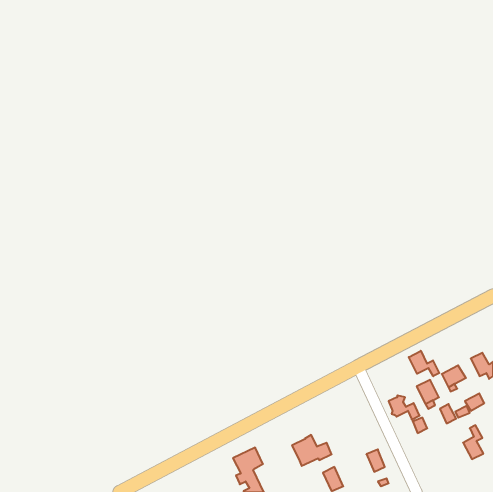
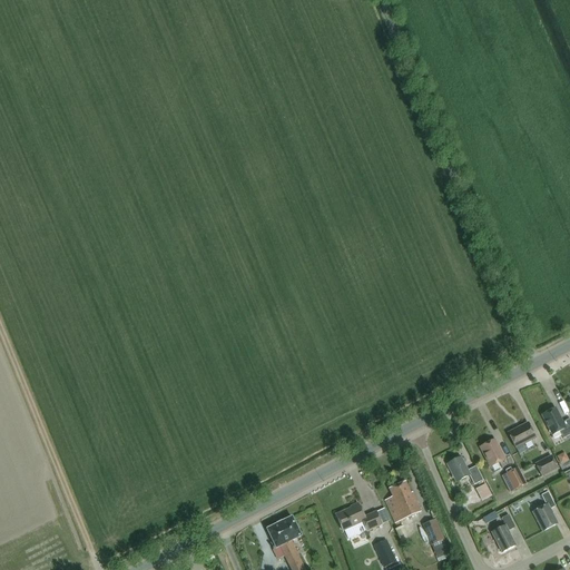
building: [409,351,439,376] -> none
building: none -> [386,480,421,521]
building: none -> [491,513,515,551]

